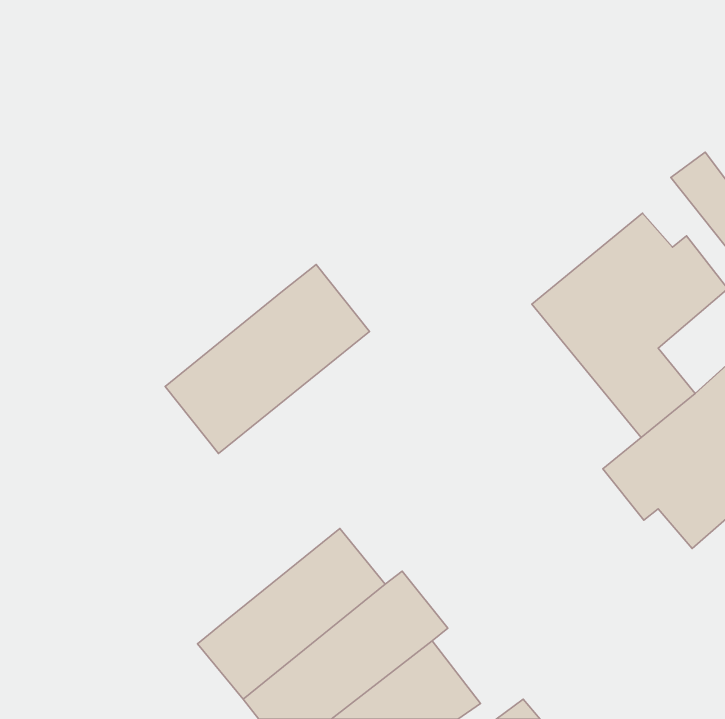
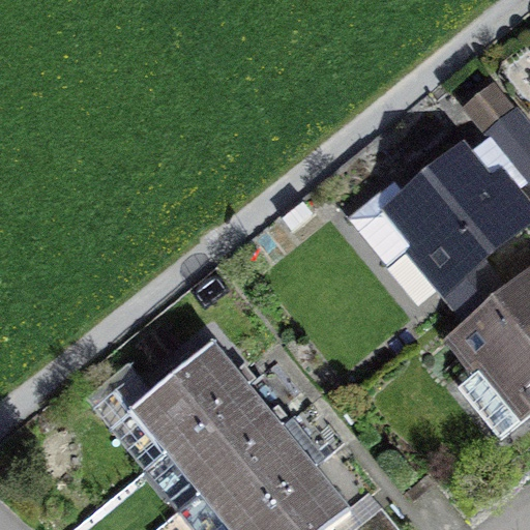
building: [165,265,370,453] -> none
building: none -> [132,343,248,450]

